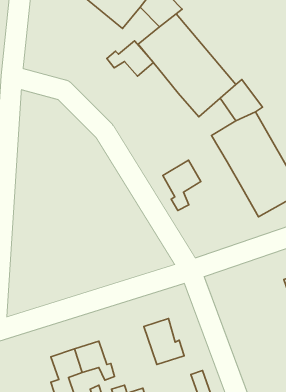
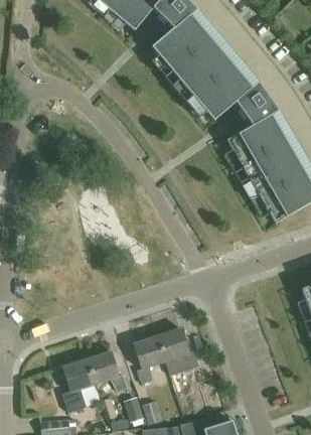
building: [107,41,153,76] -> none
building: [163,160,201,210] -> none
building: none -> [133,336,165,383]

